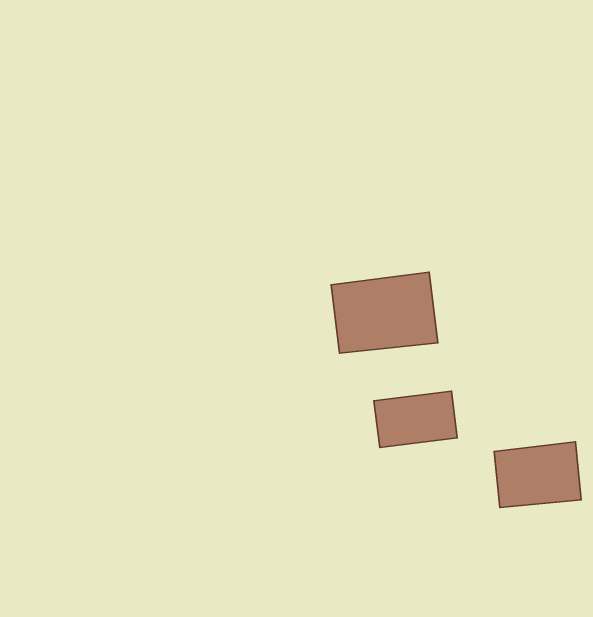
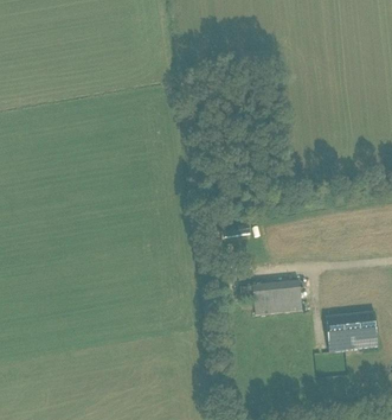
building: [331,272,438,353] -> none

